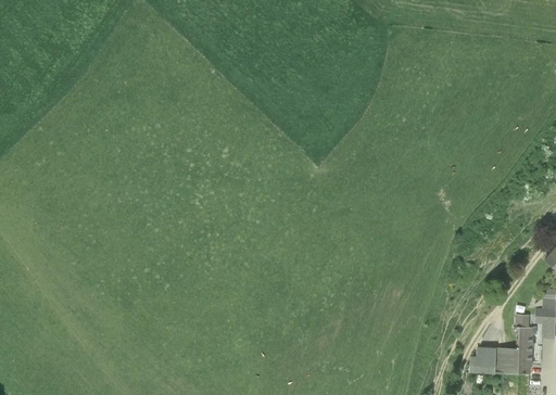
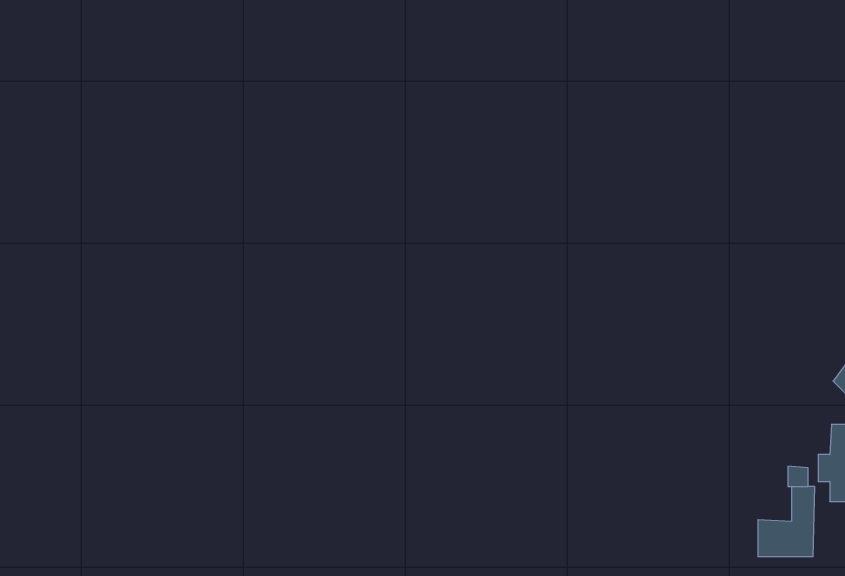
building: [470,348,497,372] -> none

